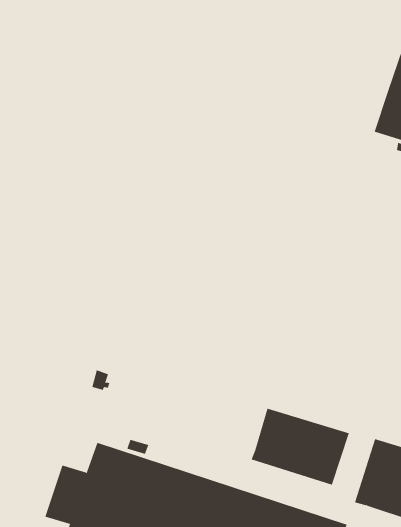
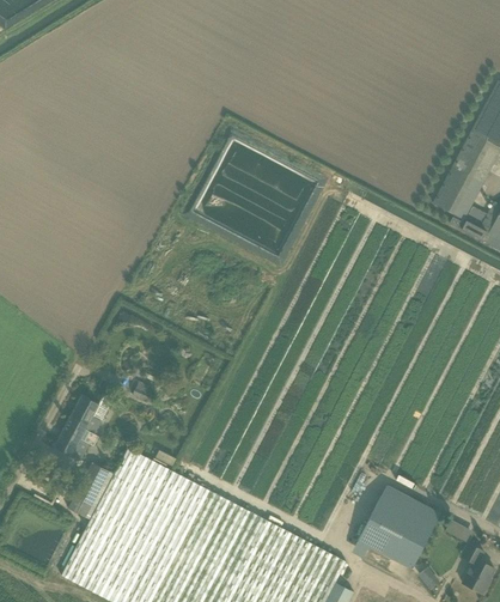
building: none -> [56,396,102,460]
building: [251,408,350,485] -> none

